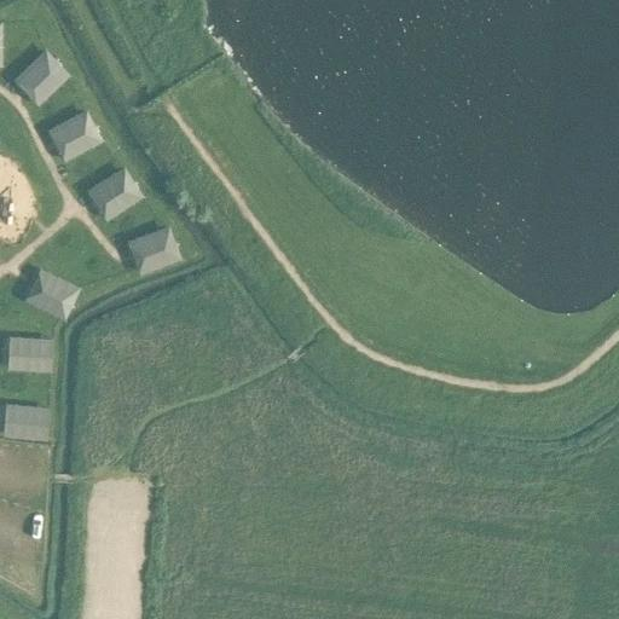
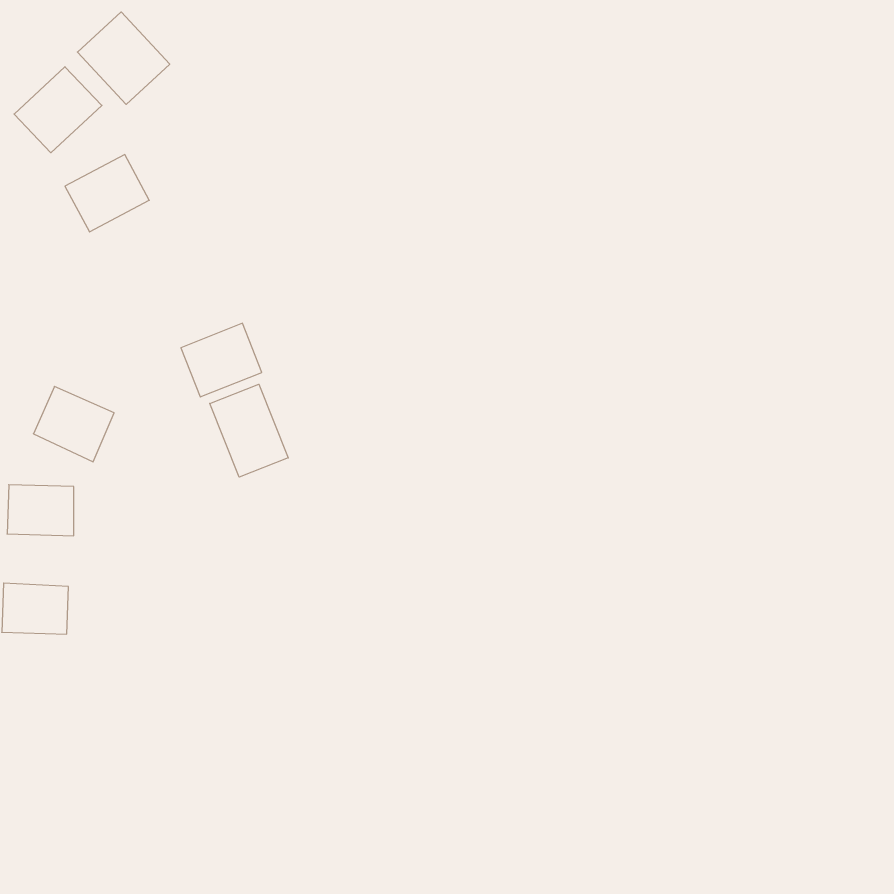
building: none -> [77,12,170,104]
building: [85,167,141,221] -> none
building: none -> [210,384,288,477]

